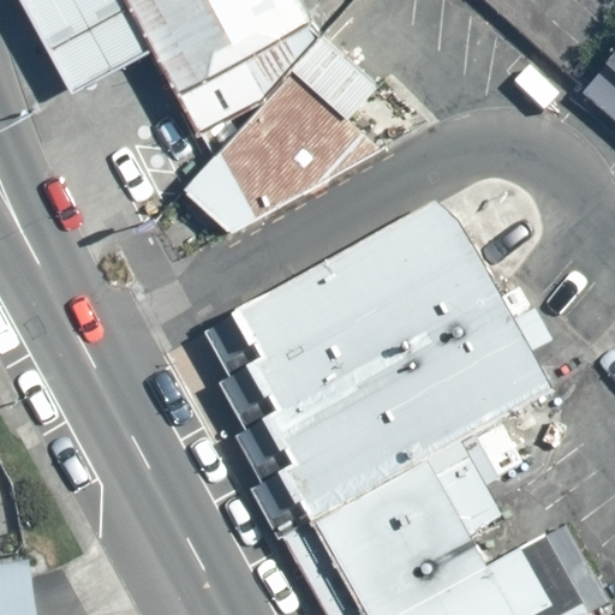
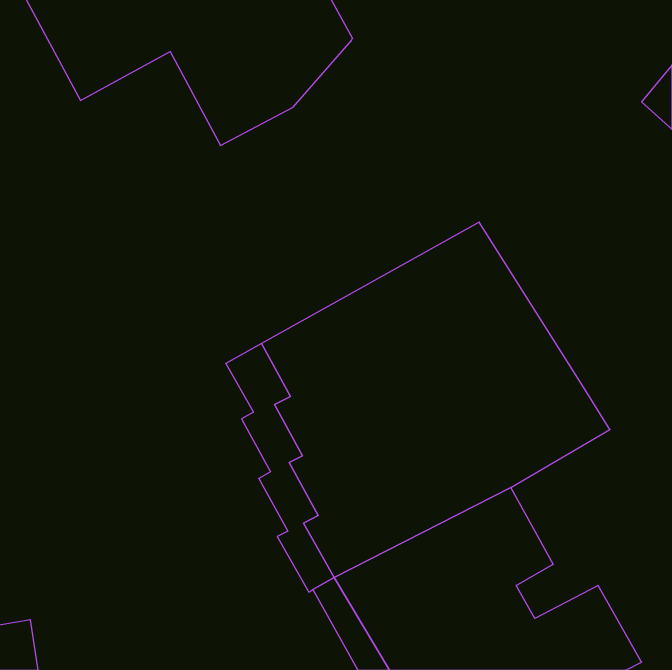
building: [185,35,384,229] -> none

